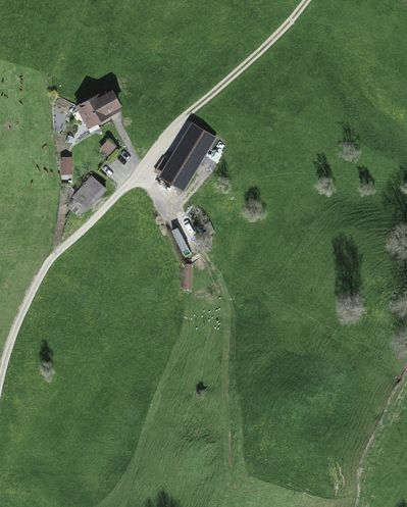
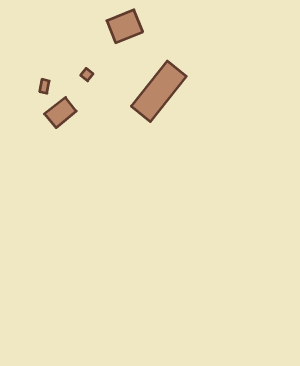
building: [80,88,119,125] -> [107,10,143,43]

